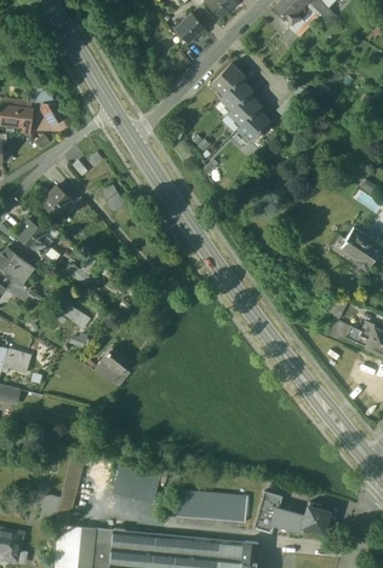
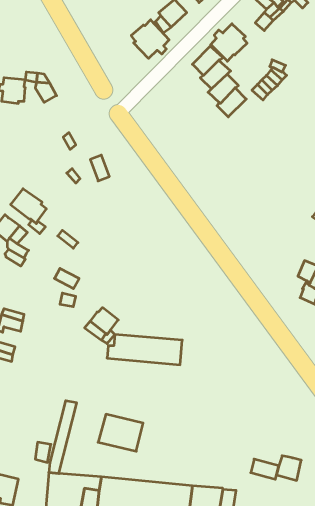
building: none -> [131,20,169,58]
building: none -> [211,24,247,61]
building: [41,184,74,217] -> none
building: [167,490,248,523] -> [107,335,182,365]
building: [255,492,284,534] -> none

